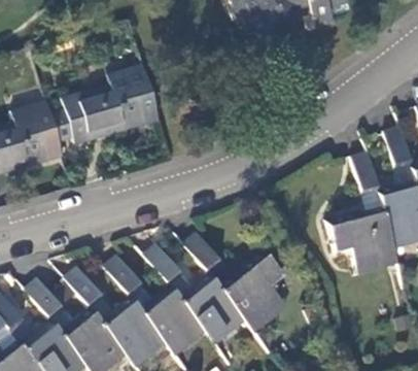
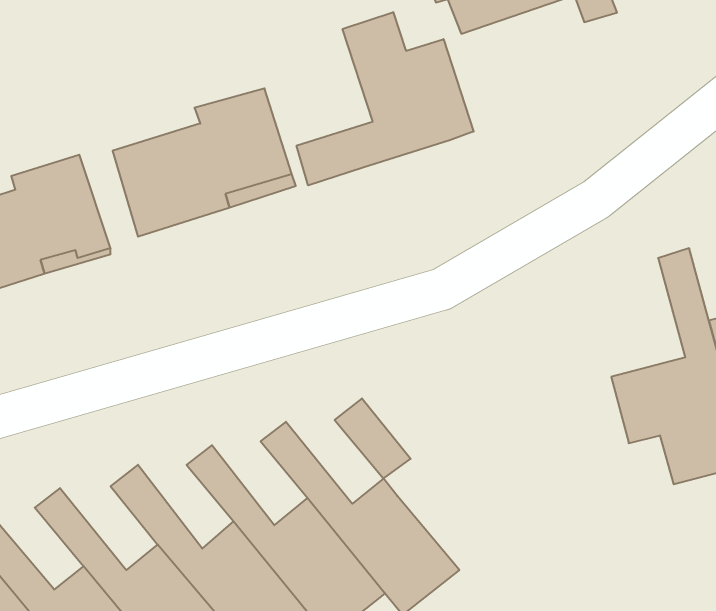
building: none -> [297,12,474,185]
building: [214,244,286,329] -> none

